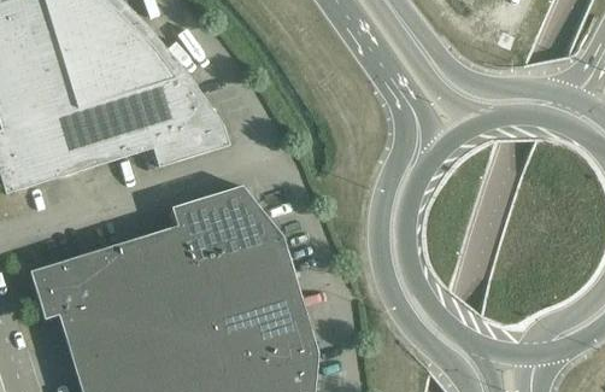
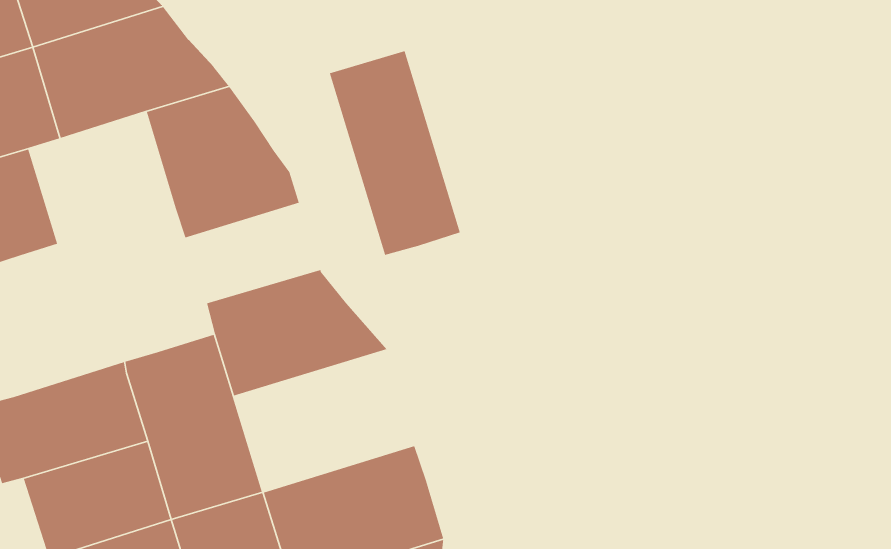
building: none -> [329,50,461,256]
building: [61,89,152,171] -> none
building: [188,236,300,324] -> none

